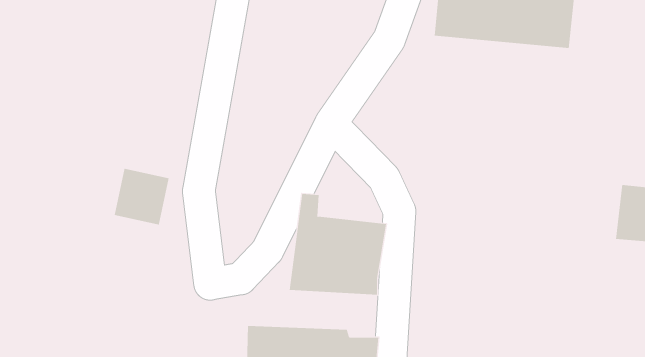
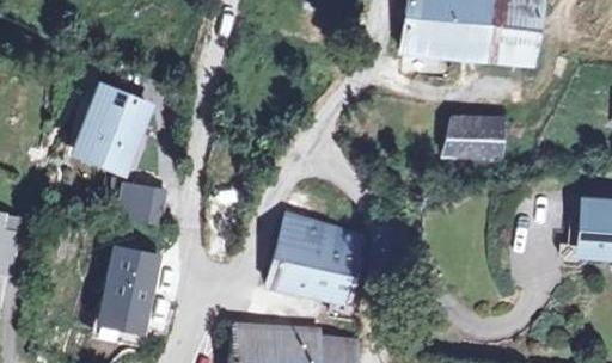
building: none -> [74,75,143,167]
building: none -> [447,121,510,164]
building: none -> [93,245,153,326]

